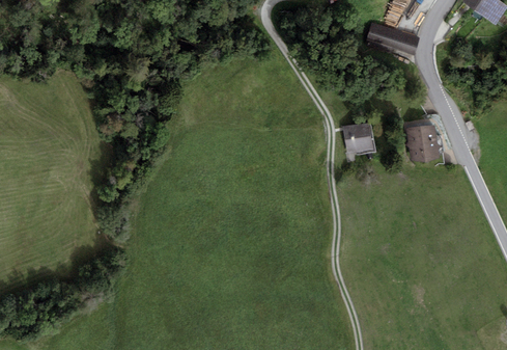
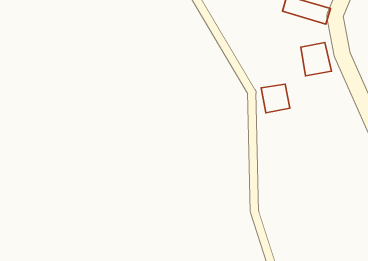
building: [406,125,441,162] -> [301,43,331,76]

